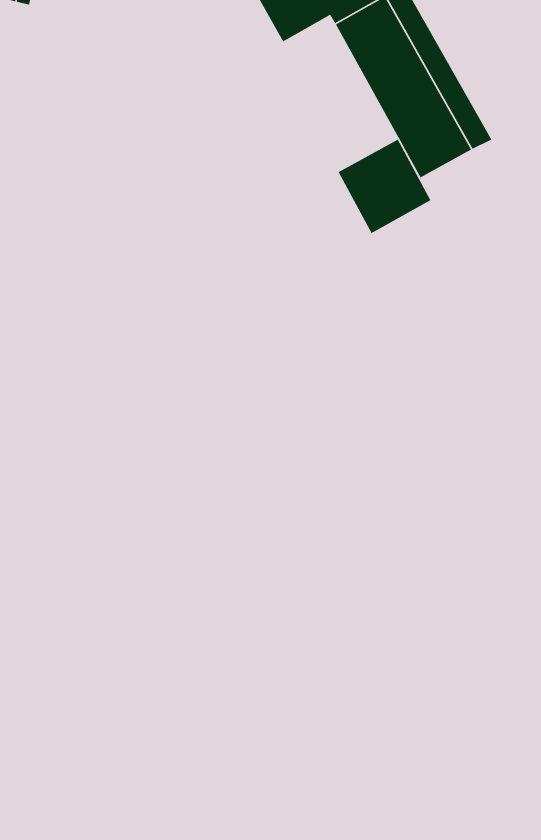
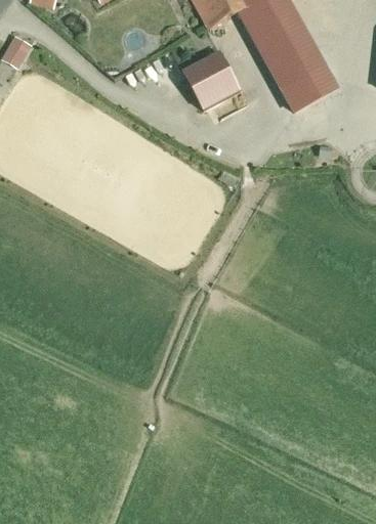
building: [338,138,432,234] -> [183,51,241,110]

